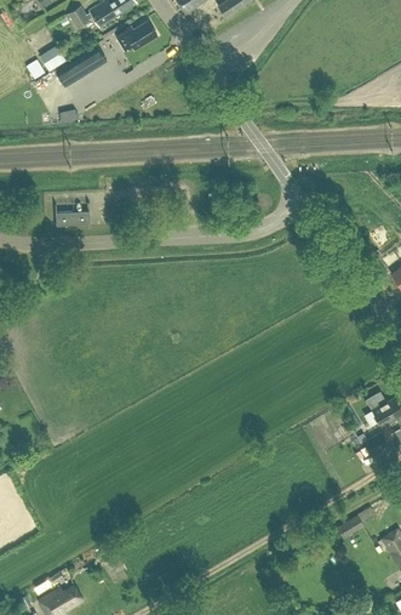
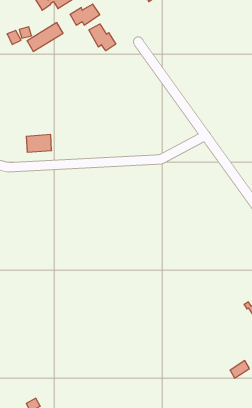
building: none -> [89,24,116,51]

